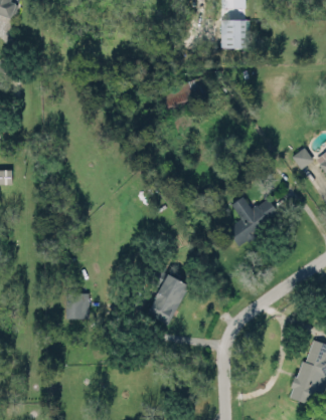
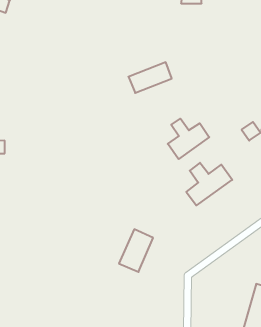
building: [220,19,250,47] -> none
building: none -> [168,119,209,159]
building: [65,292,90,319] -> none

